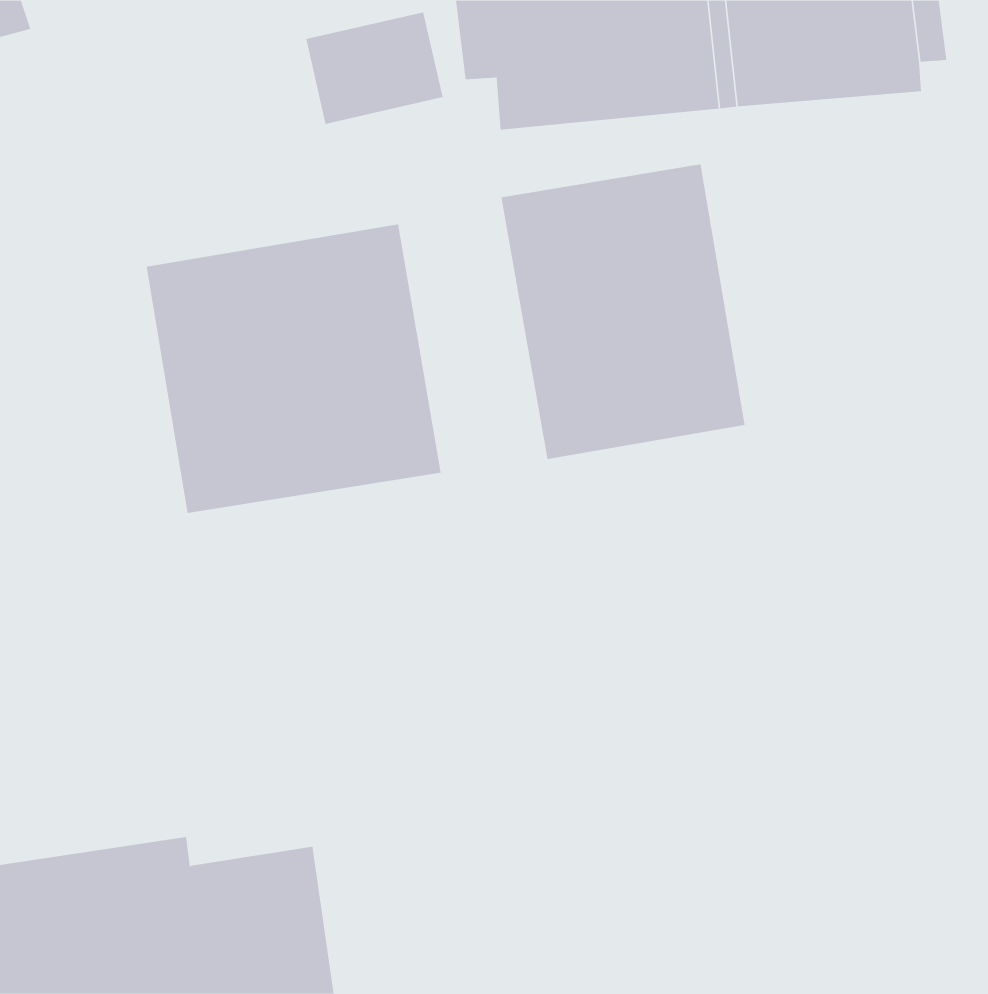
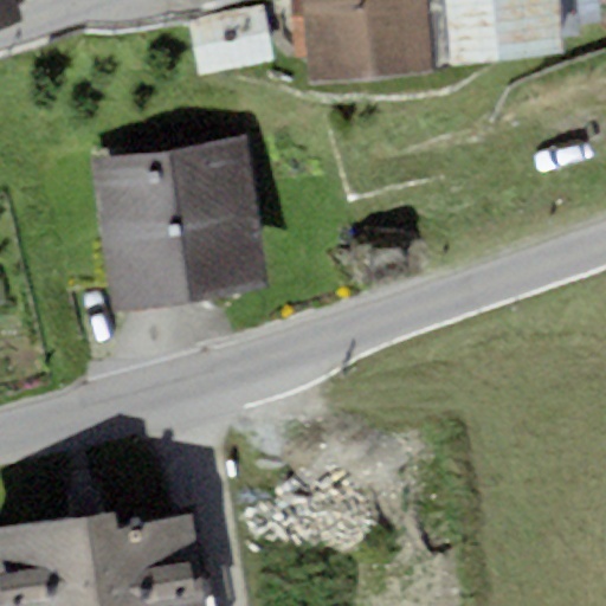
building: [501,164,745,460] -> none

